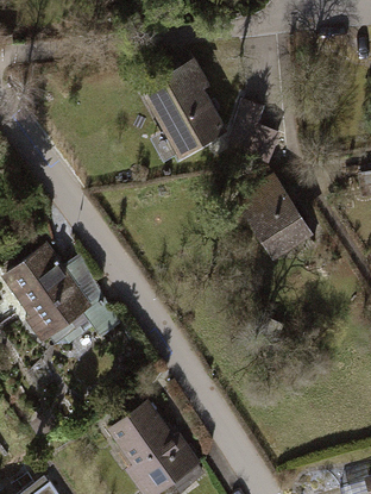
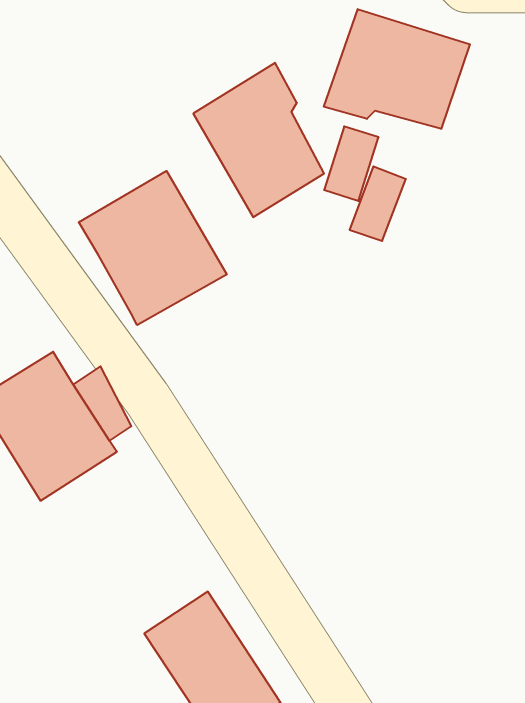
building: none -> [324,9,470,129]
building: none -> [79,171,227,325]
building: [227,176,304,262] -> none

